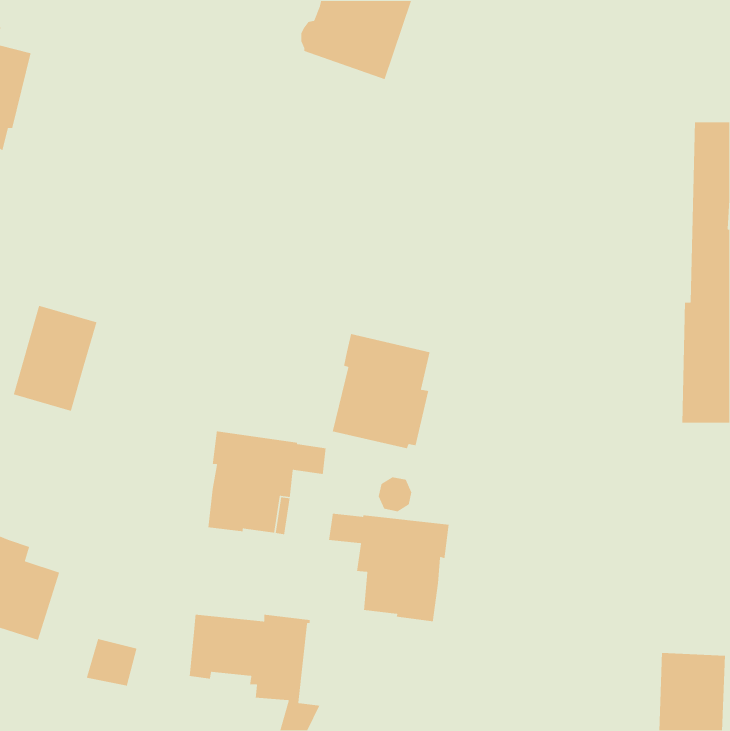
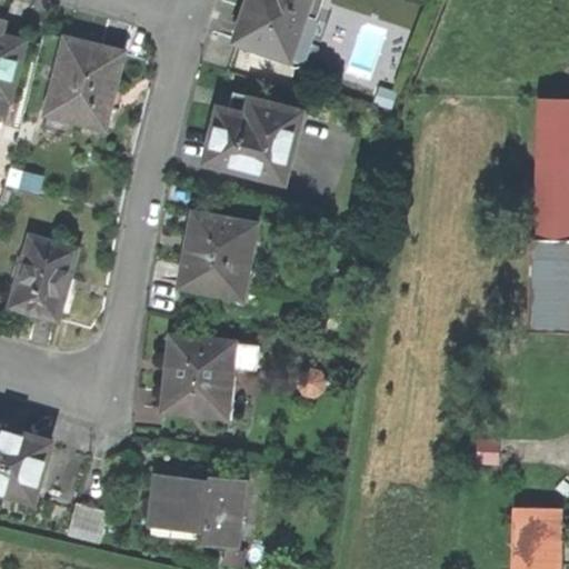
building: none -> [44,36,123,128]
building: none -> [208,97,299,180]
building: [332,333,431,449] -> [178,210,254,300]
building: [328,513,449,622] -> none

